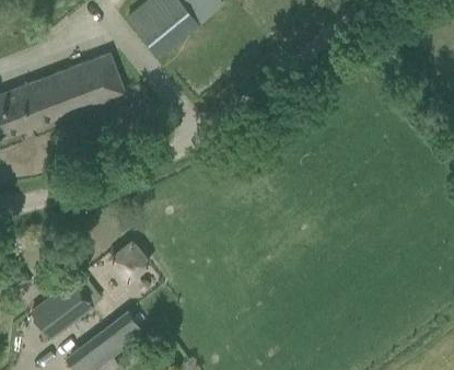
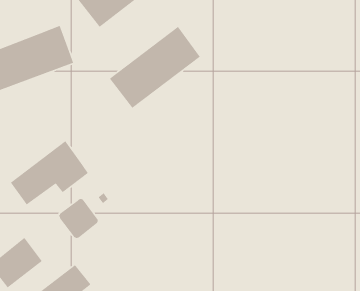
building: none -> [109,26,201,109]
building: none -> [10,140,89,206]

